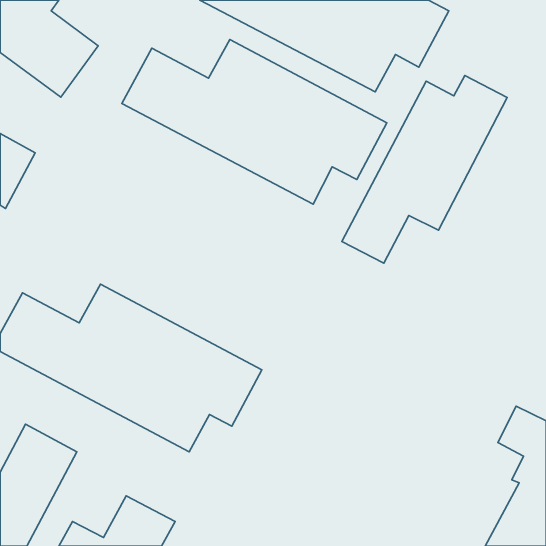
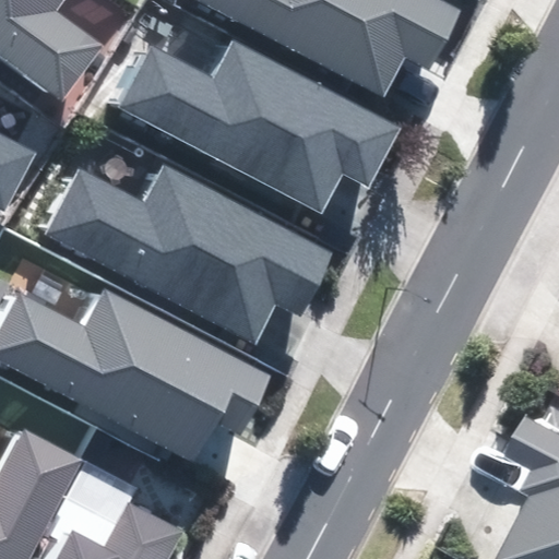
building: [342,75,507,263] -> none
building: none -> [53,166,329,337]

